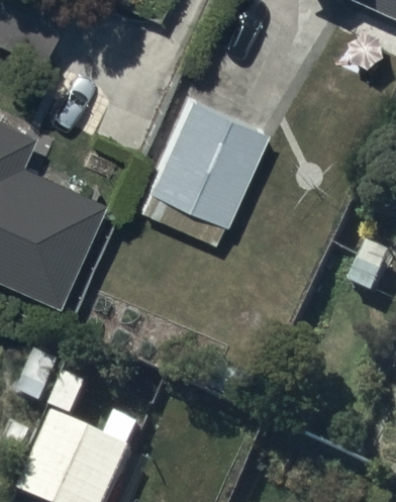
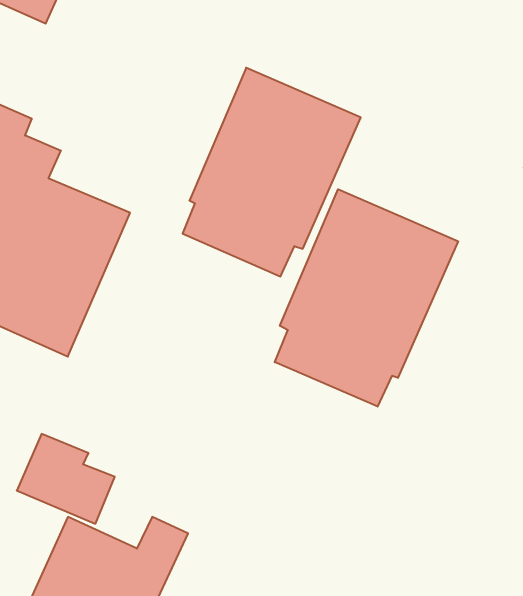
building: none -> [275,189,458,407]

